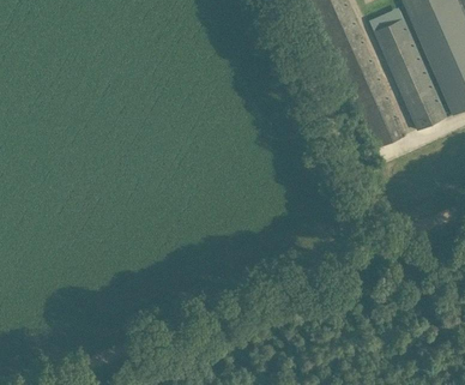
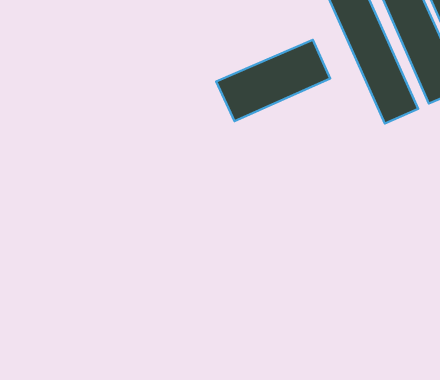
building: none -> [216,40,330,121]

